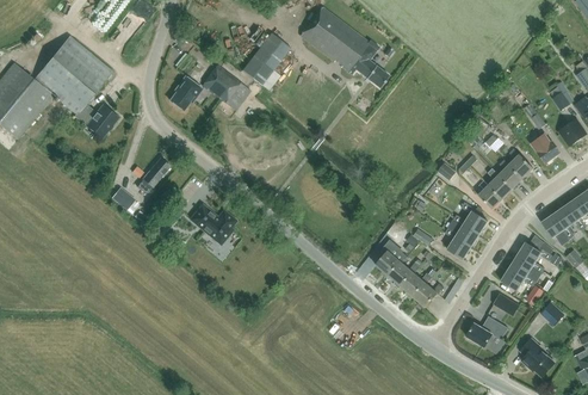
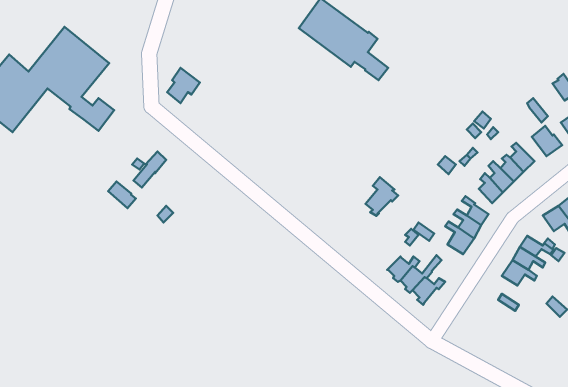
building: [242,33,291,86] -> none
building: [202,66,250,112] -> none
building: [191,206,235,245] -> none
building: [376,240,408,278] -> [365,177,398,216]
building: [466,316,508,347] -> none
building: [521,339,556,377] -> none

